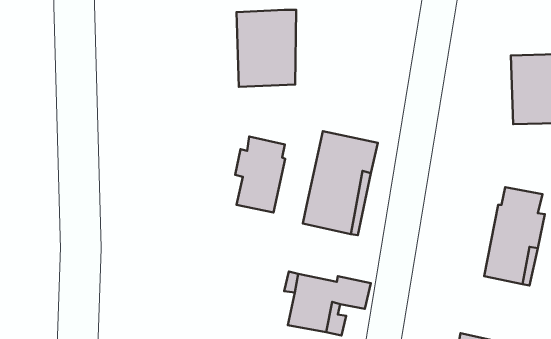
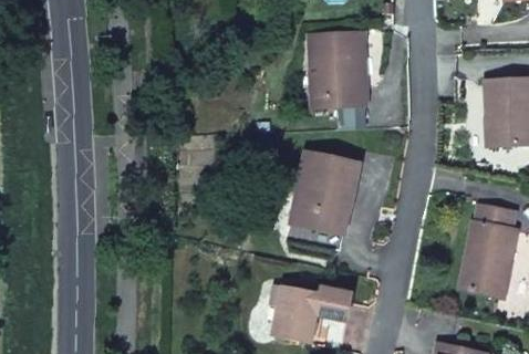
building: [237,10,296,87] -> [310,32,366,105]
building: [235,136,285,212] -> none

